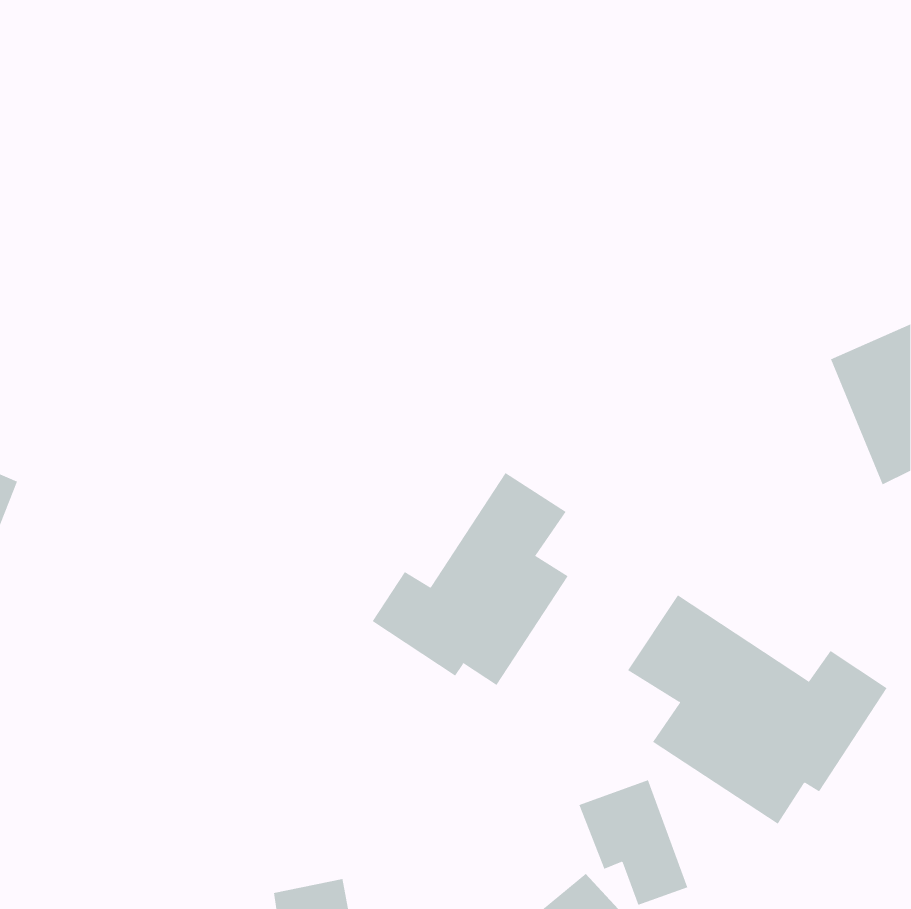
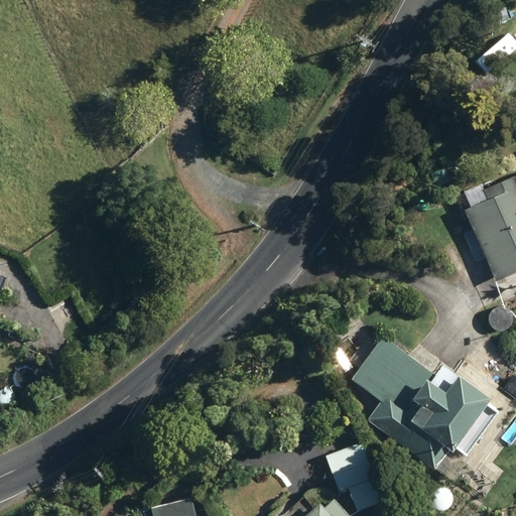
building: [372,472,569,686] -> none

